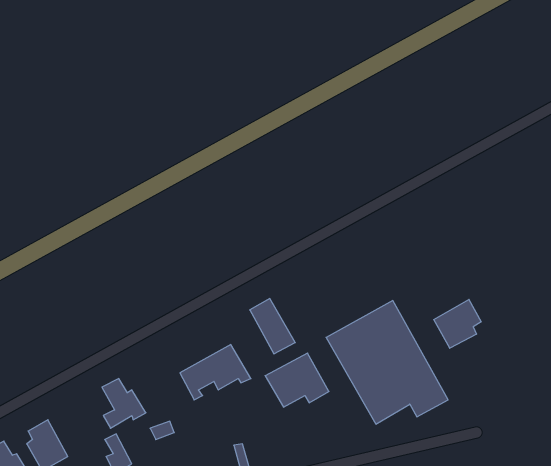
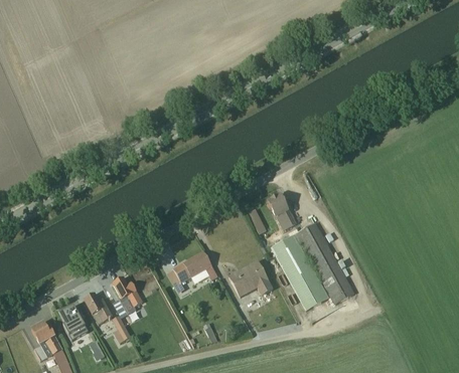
building: [250,299,295,354] -> [266,191,298,230]
building: [434,299,481,348] -> none
building: none -> [83,293,113,323]

